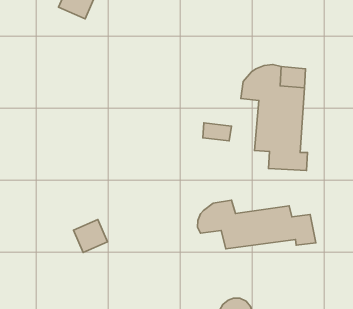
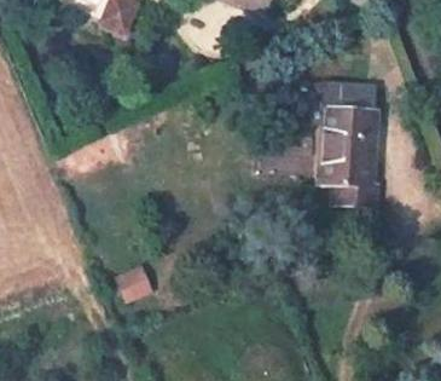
building: [198,200,316,249] -> none

